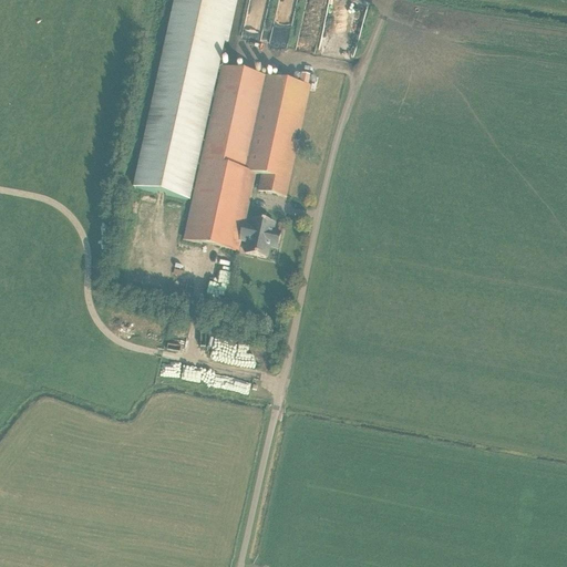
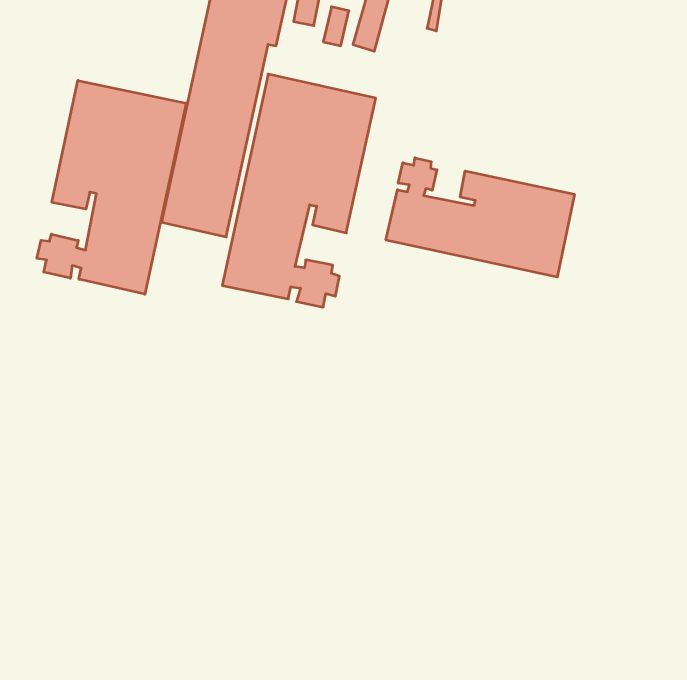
building: none -> [37,80,186,294]
building: none -> [386,158,574,277]

